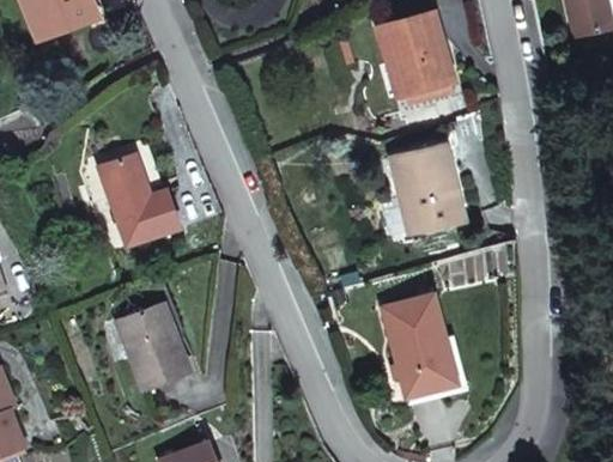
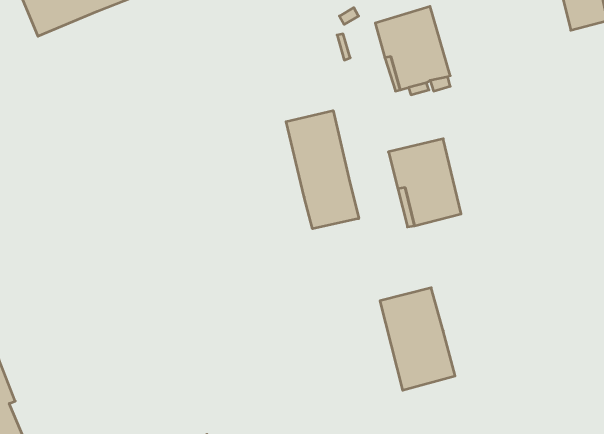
building: none -> [286,111,359,229]
building: [97,153,180,245] -> none
building: [116,303,189,389] -> none

